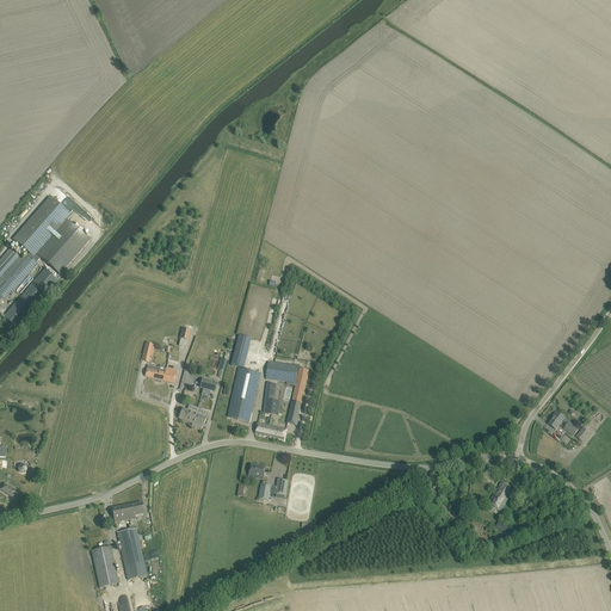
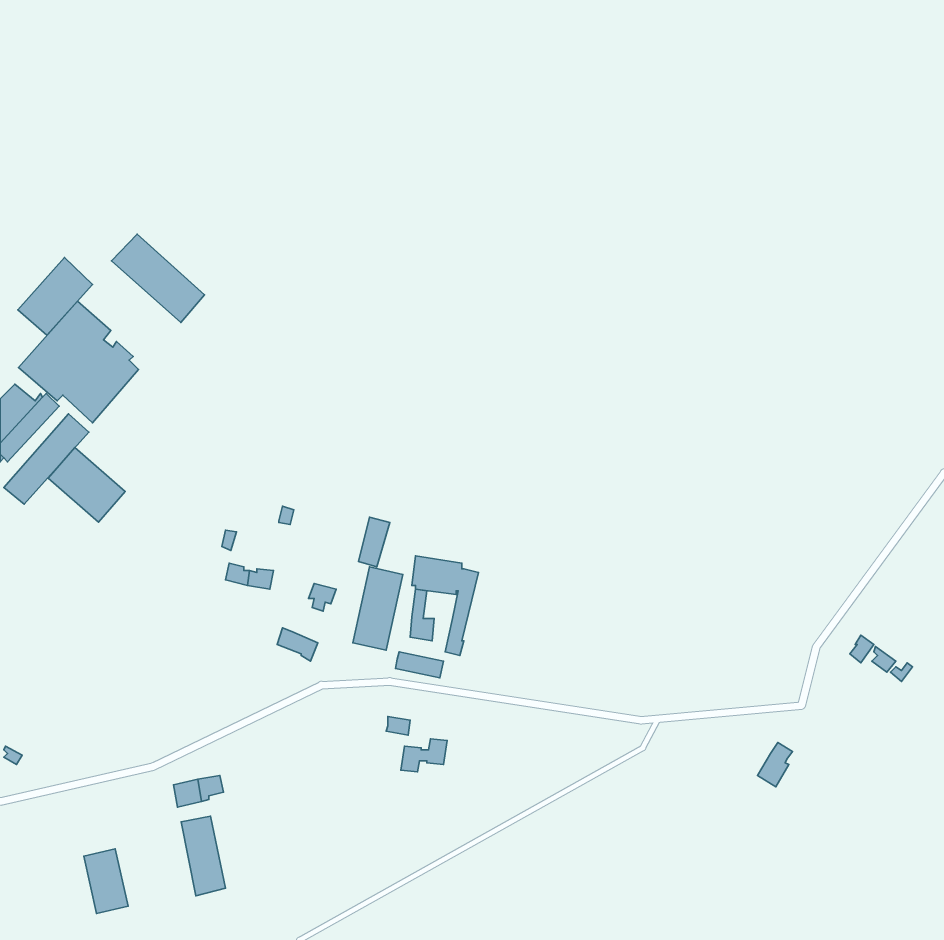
building: none -> [111,234,205,322]
building: none -> [18,258,93,335]
building: none -> [48,448,125,522]
building: [91,544,119,586] -> [84,849,128,914]

